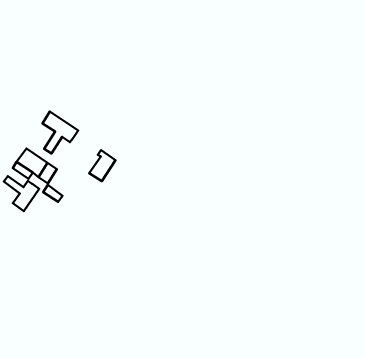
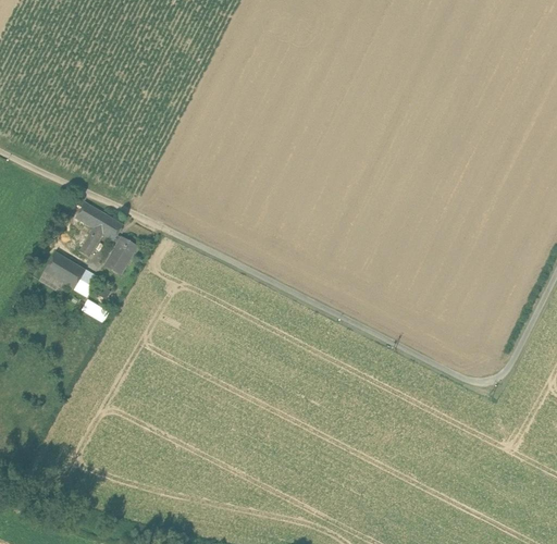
building: [89,150,115,181] -> [102,233,136,274]
building: [4,176,39,211] -> none

